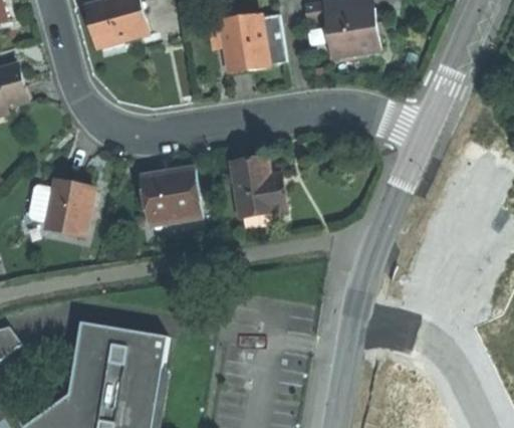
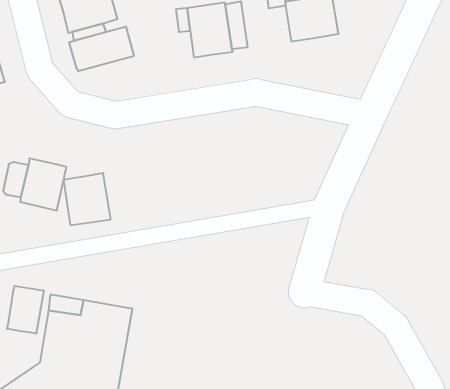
building: none -> [69,27,134,71]
building: [230,156,283,217] -> none
building: [142,169,192,224] -> [64,173,111,225]
building: none -> [7,286,44,334]

